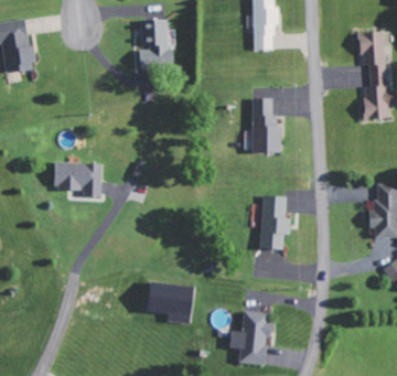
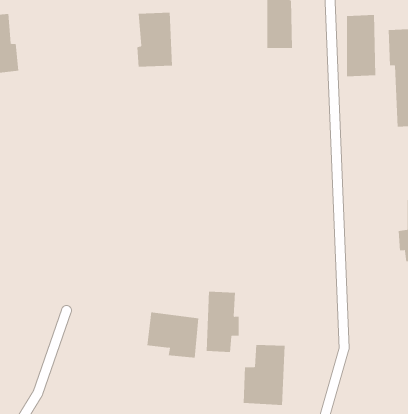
building: [251,97,278,152] -> [346,14,376,77]
building: [53,162,101,196] -> none
building: [260,195,290,249] -> [206,291,240,353]

